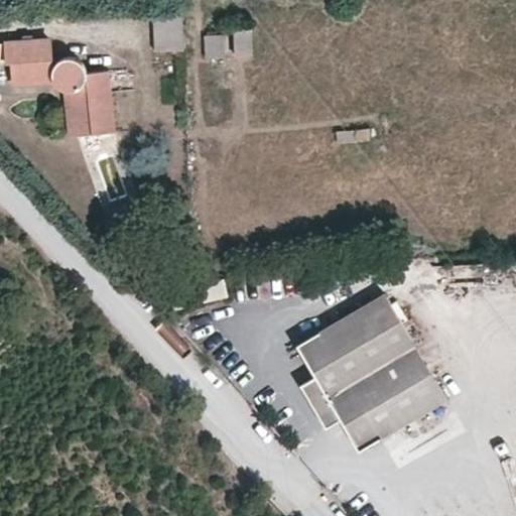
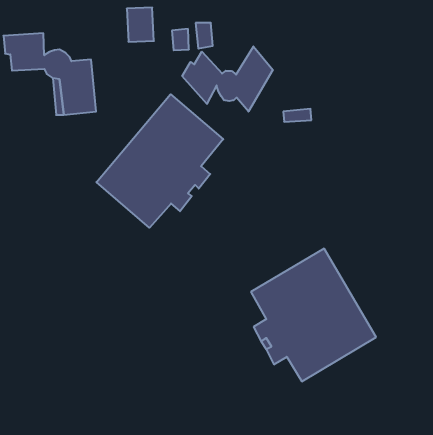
building: none -> [182,46,273,112]
building: none -> [96,94,223,228]

